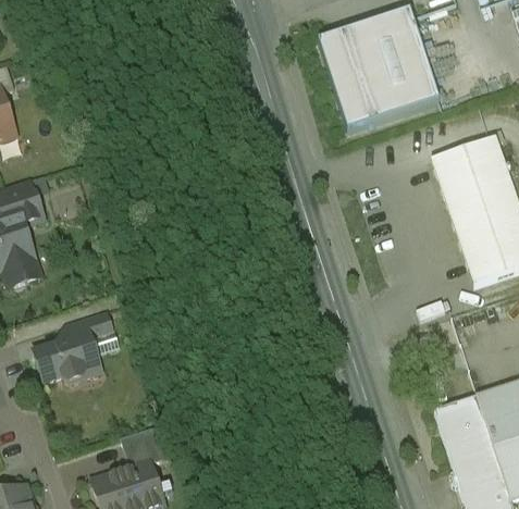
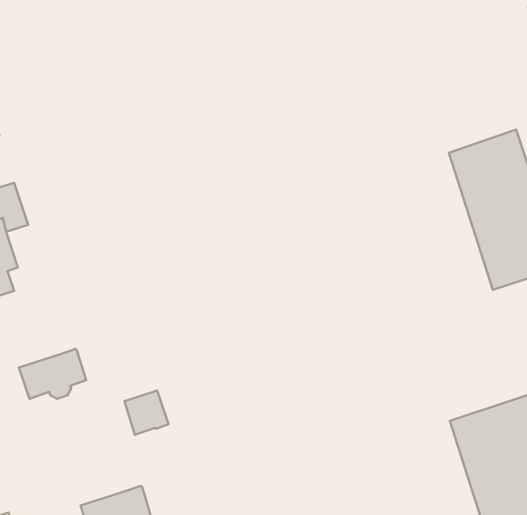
building: [320,17,434,131] -> none
building: [67,315,110,343] -> none
building: [120,431,161,472] -> [125,391,169,435]

